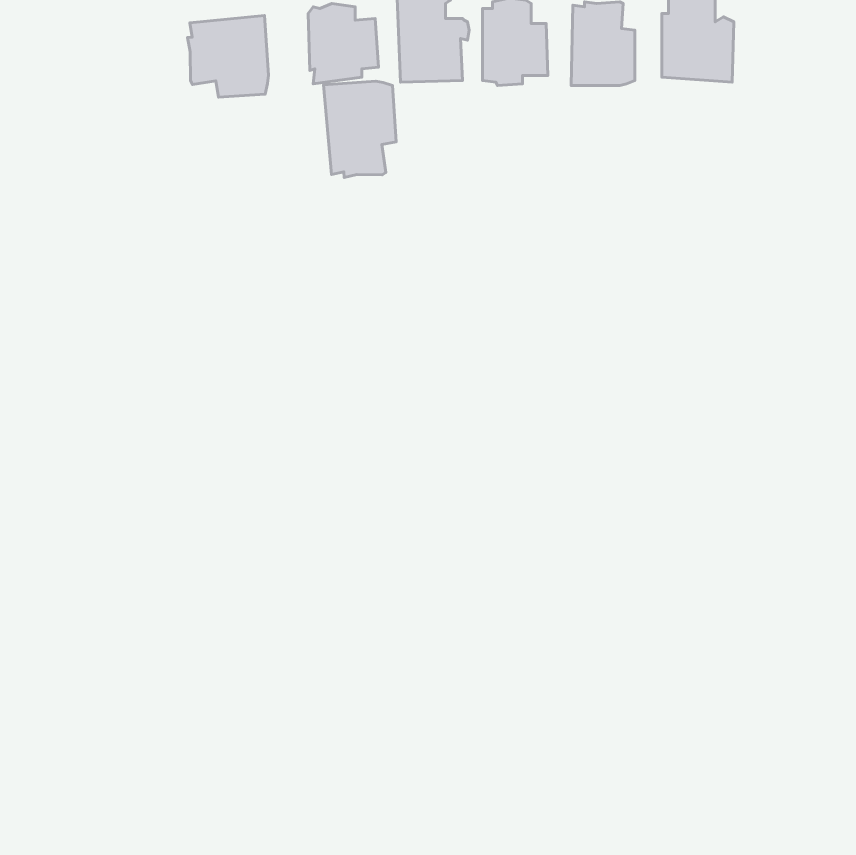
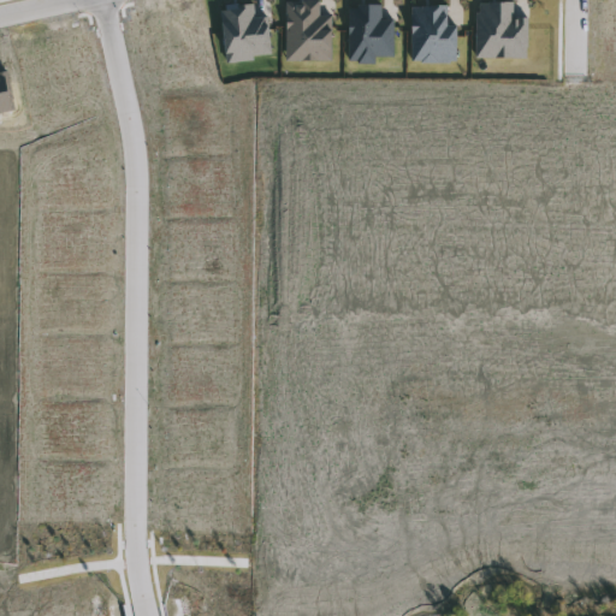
building: [188,16,269,97] -> none
building: [323,81,396,177] -> none

